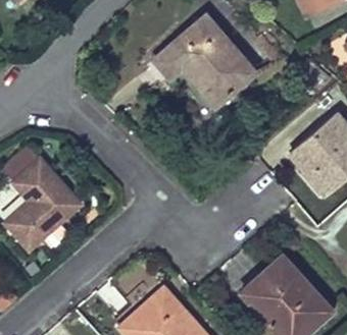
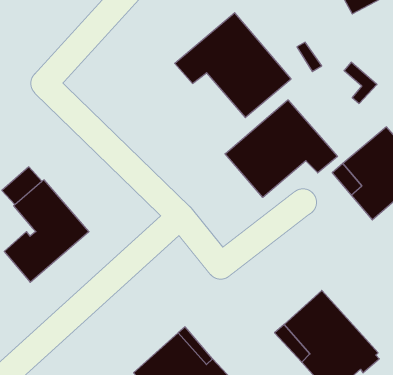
building: none -> [225,100,337,197]

